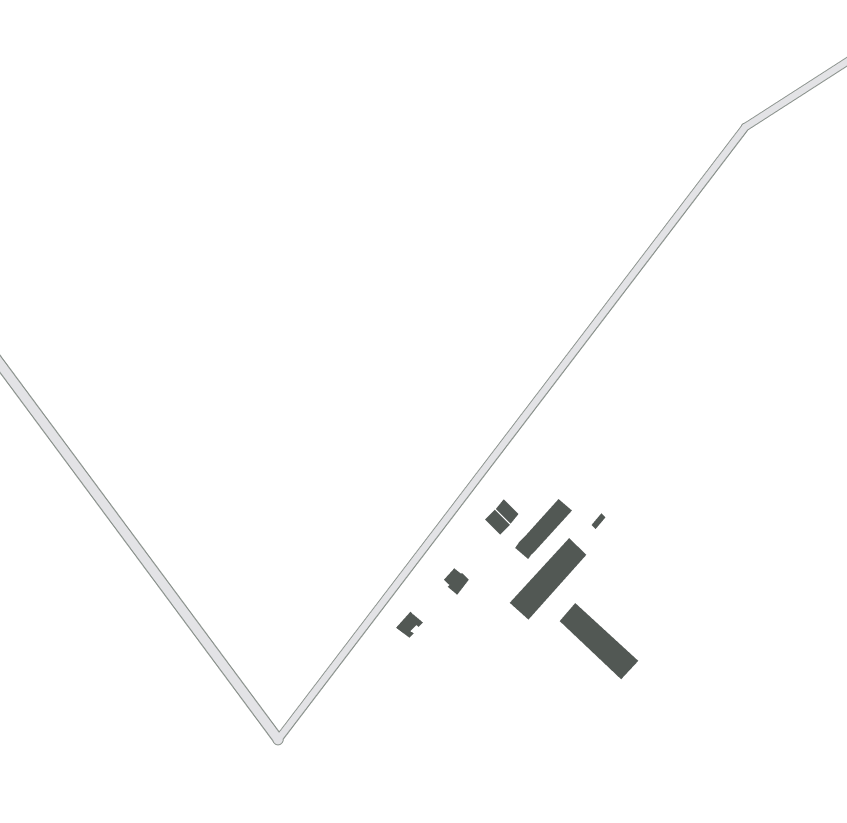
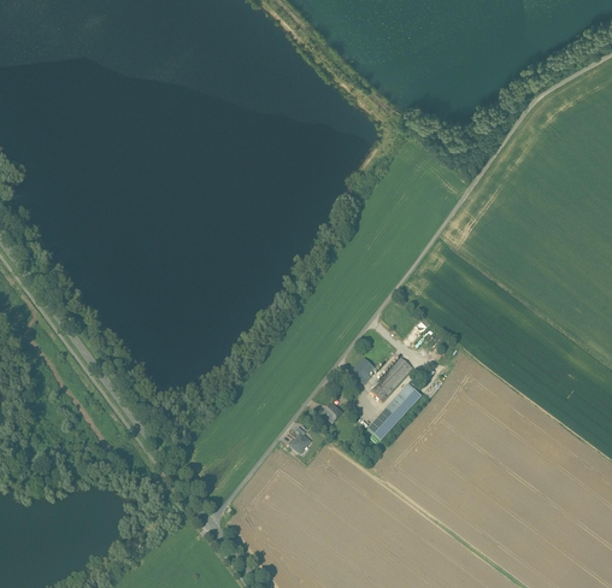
building: [559,602,639,680] -> none

